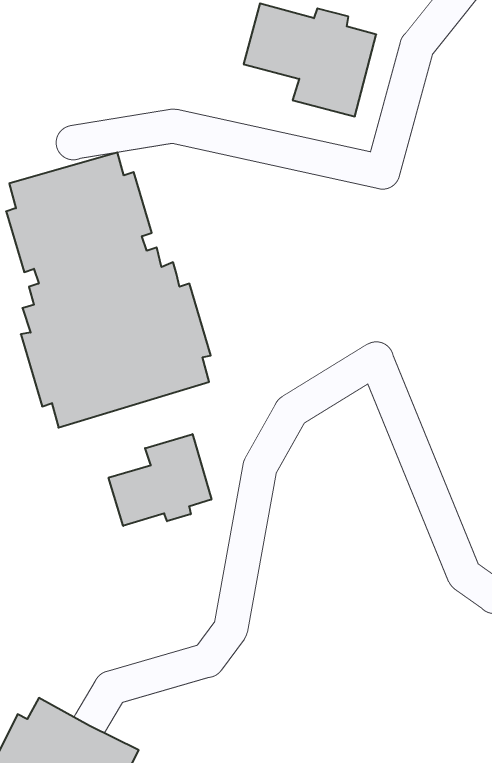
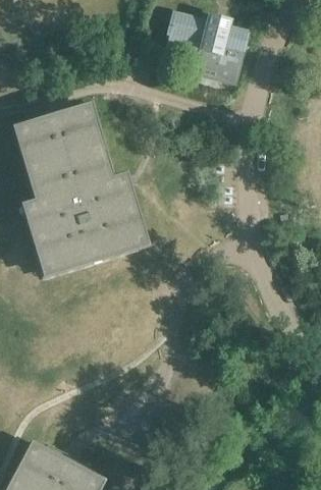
building: [109,434,211,526] -> none

